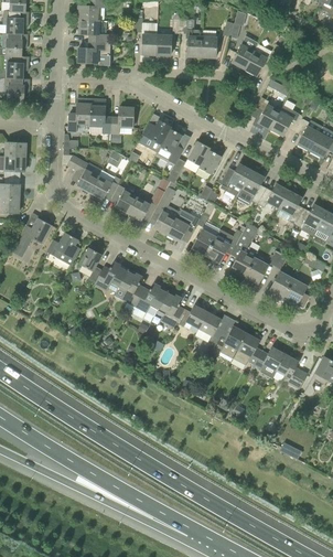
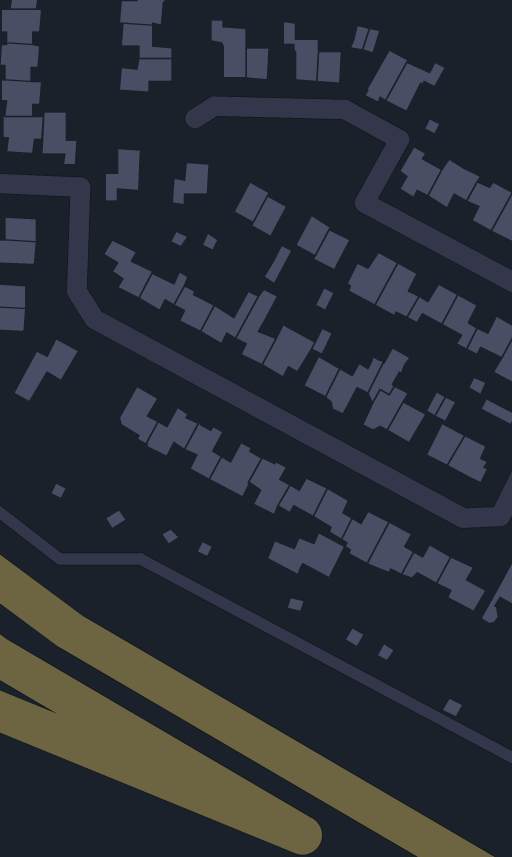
building: [89,99,111,132] -> [42,112,77,165]
building: [46,232,80,265] -> none
building: none -> [267,532,345,578]

